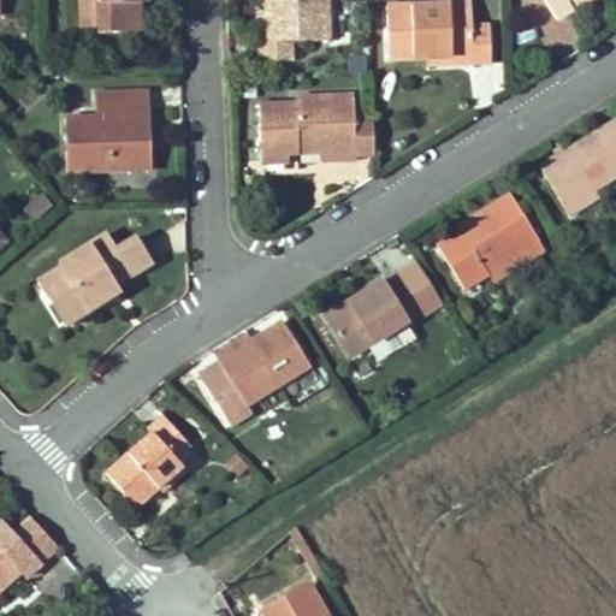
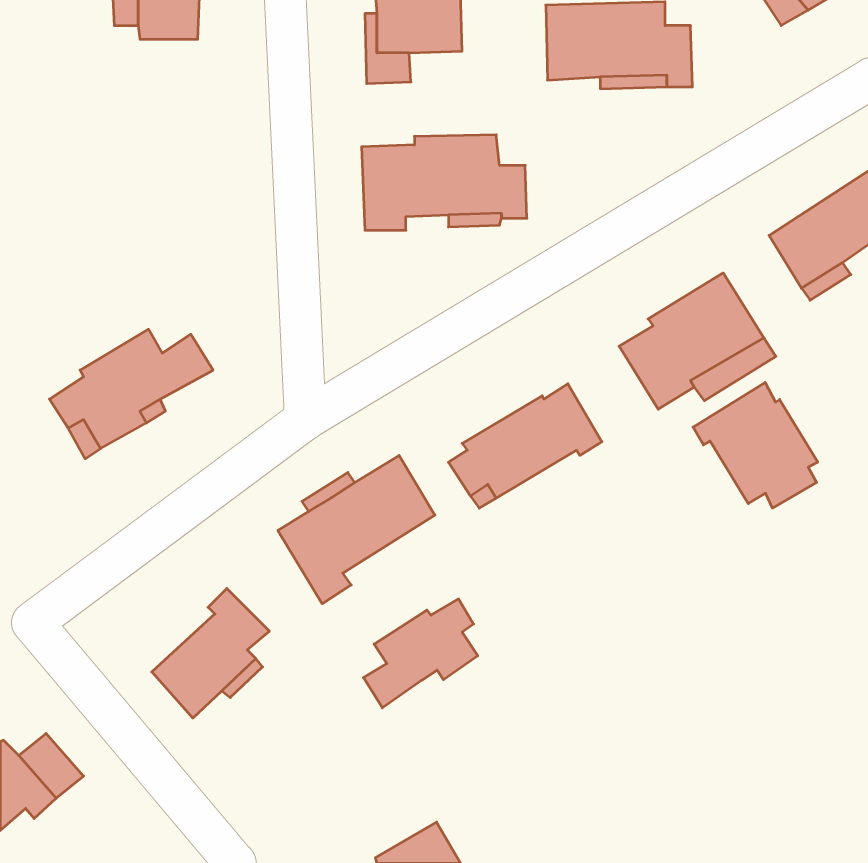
building: [67,88,154,168] -> none
building: none -> [693,382,818,508]
building: none -> [363,599,478,708]

